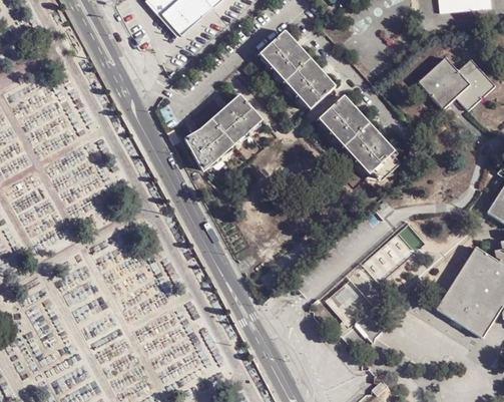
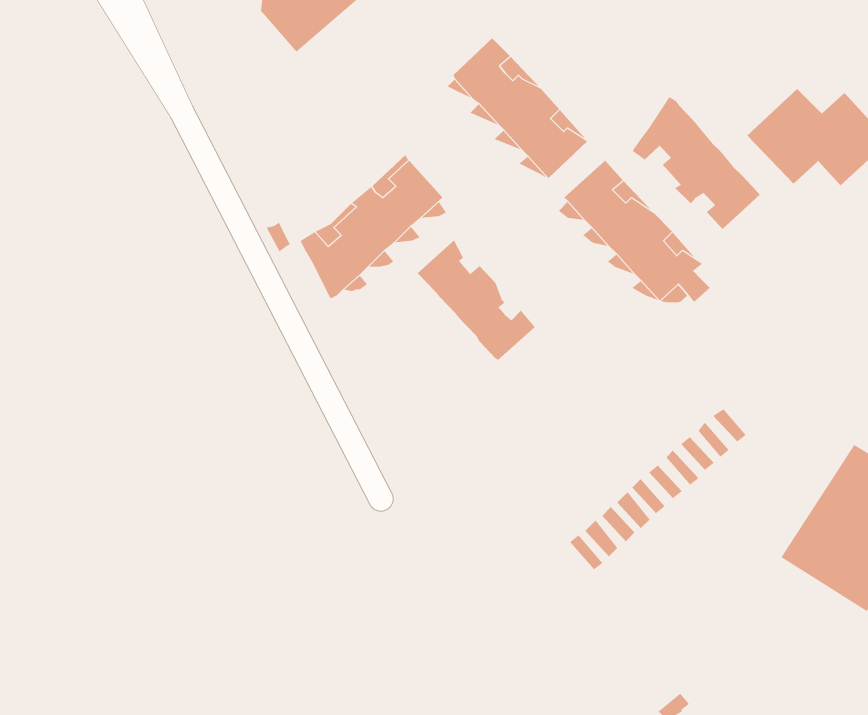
building: none -> [632,97,760,230]
building: none -> [417,239,535,361]

